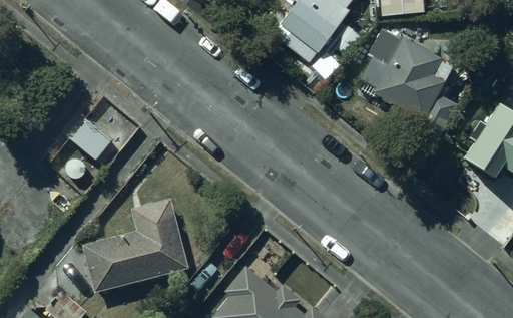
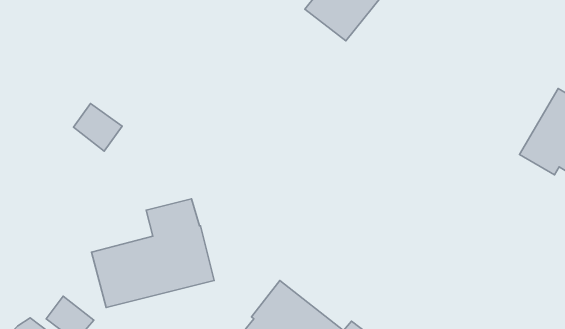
building: [372,39,452,121] -> none

